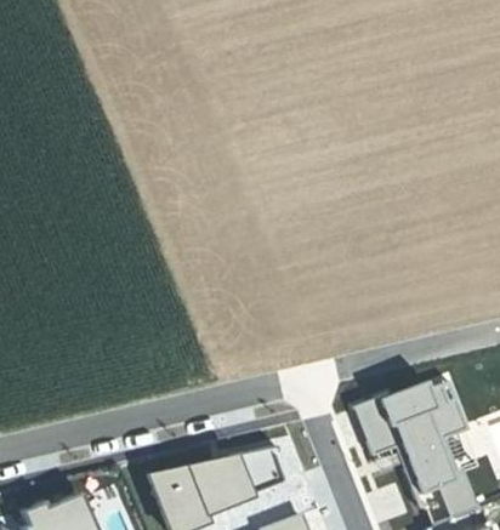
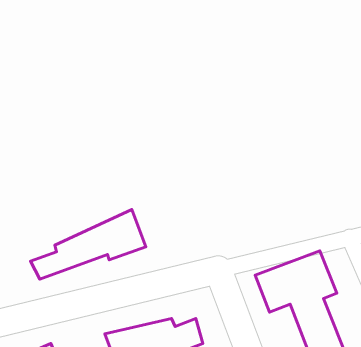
building: none -> [30,210,146,279]

